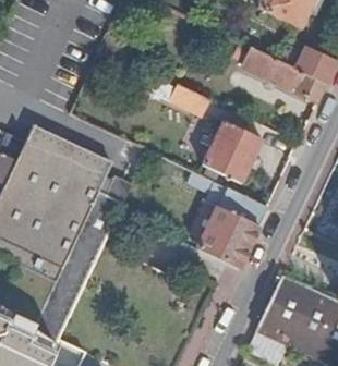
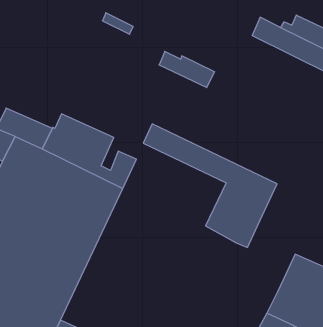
building: [202,121,263,182] -> none

